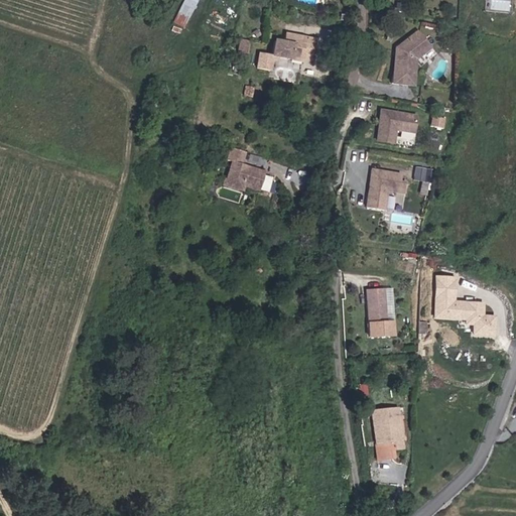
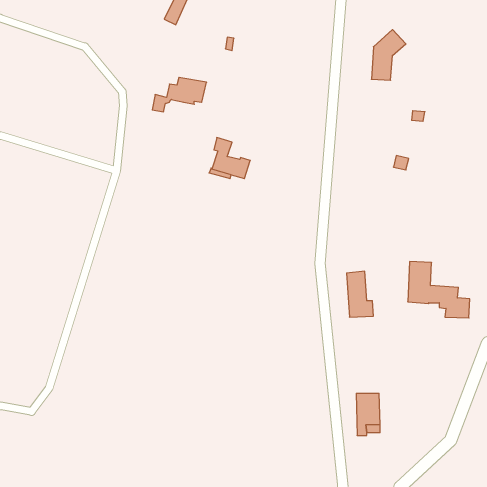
building: [257,32,314,69] -> [152,77,207,112]
building: [376,111,415,143] -> none
building: [367,168,407,210] -> none

